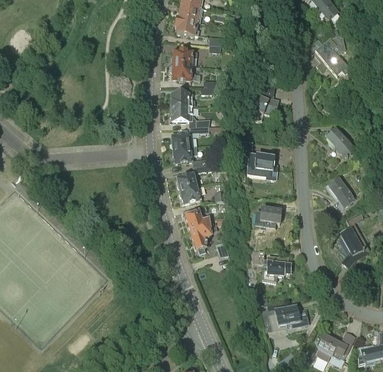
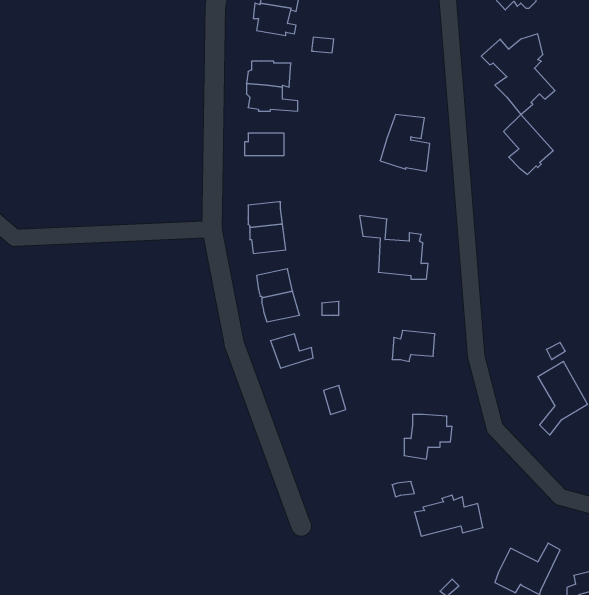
building: [169,106,223,127] -> none
building: [325,127,354,162] -> [504,114,553,174]
building: [328,178,354,215] -> none
building: [190,223,217,254] -> none

